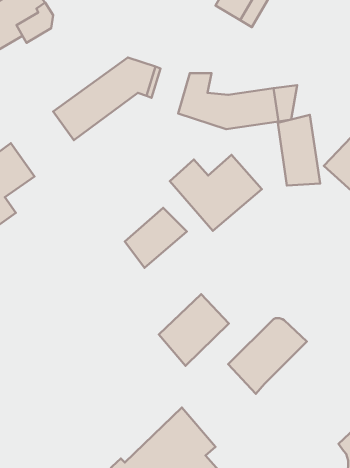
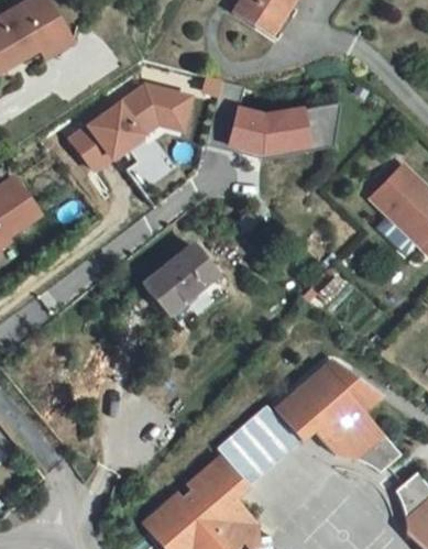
building: [278,115,320,185] -> none
building: [170,155,262,231] -> none
building: [159,294,229,366] -> [216,419,294,499]
building: none -> [306,392,388,482]

